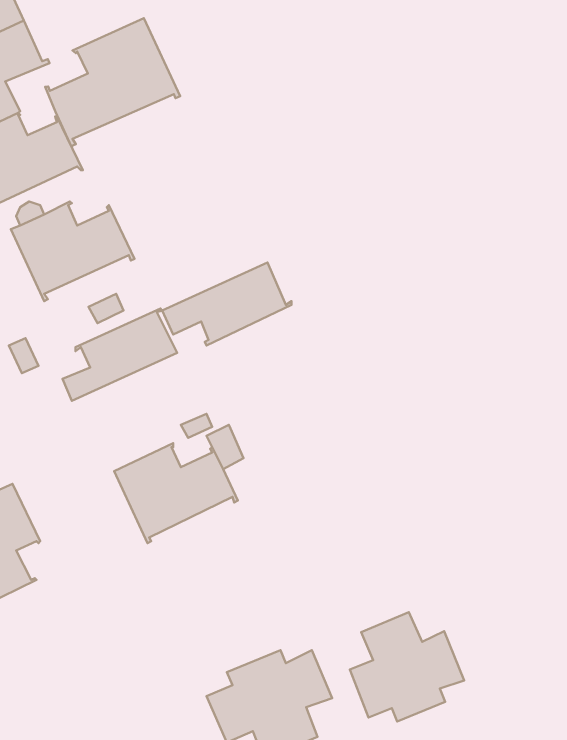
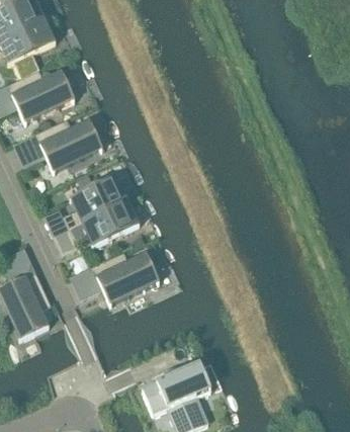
building: [45,18,180,146] -> none
building: [162,262,292,345] -> [69,201,140,247]
building: [350,612,464,722] -> none

